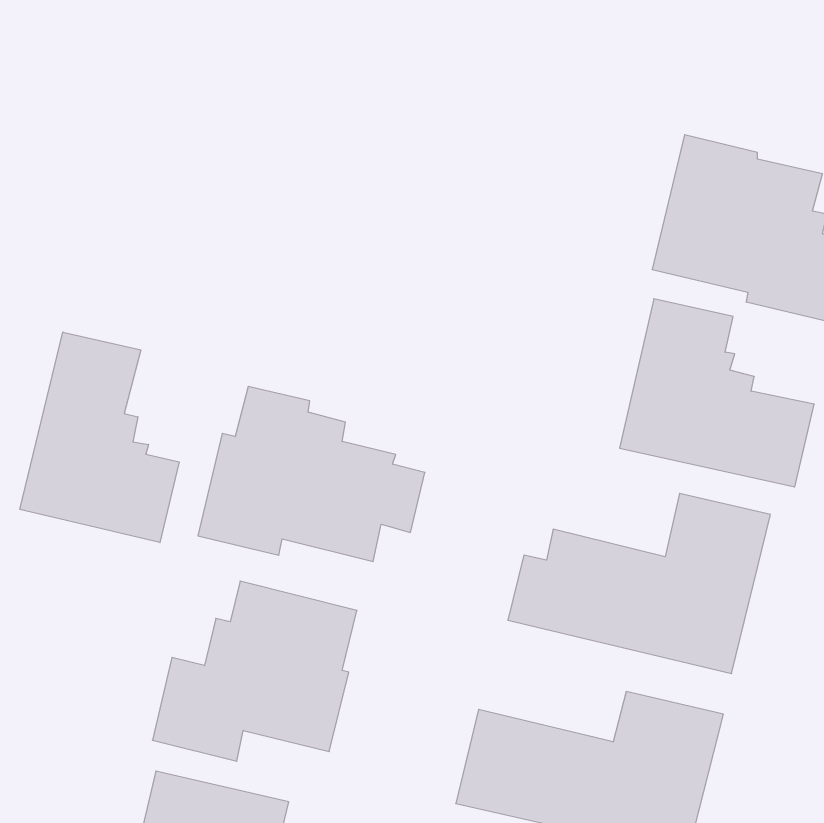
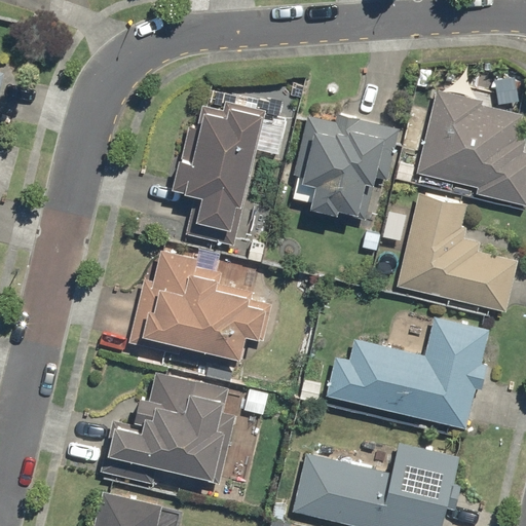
building: none -> [168,101,267,247]
building: none -> [292,114,401,222]
building: [20,332,179,543] -> none

